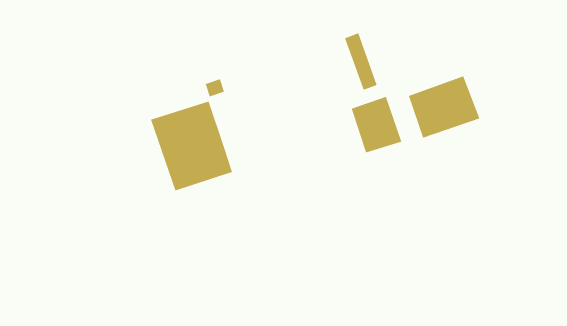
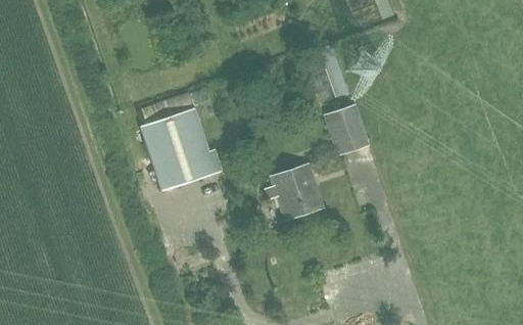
building: [408,76,480,139] -> none
building: none -> [271,164,322,219]

